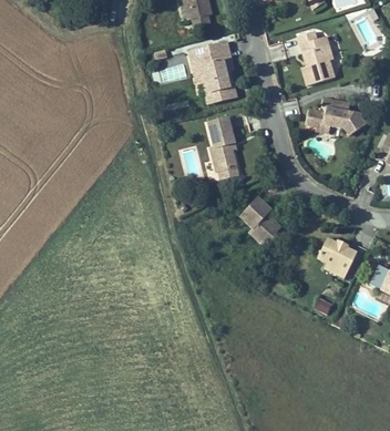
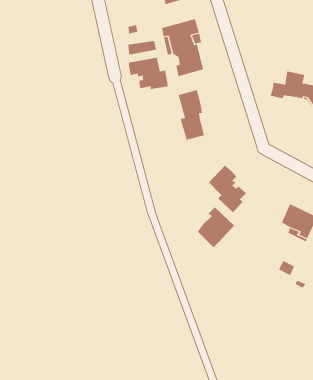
building: [297,30,333,84] -> none
building: none -> [128,57,168,90]
building: none -> [197,206,235,248]

